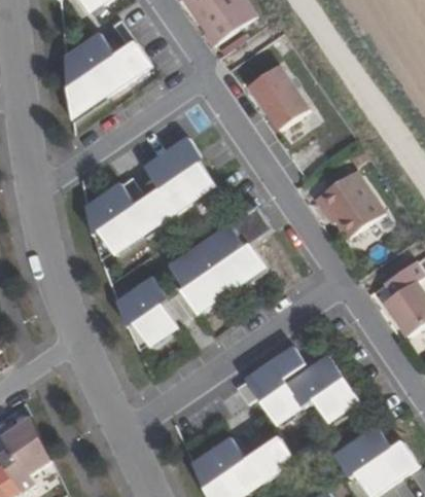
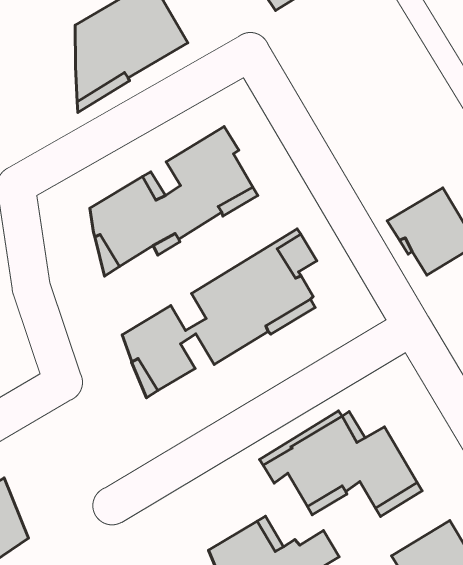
building: [249,66,310,131] -> none

